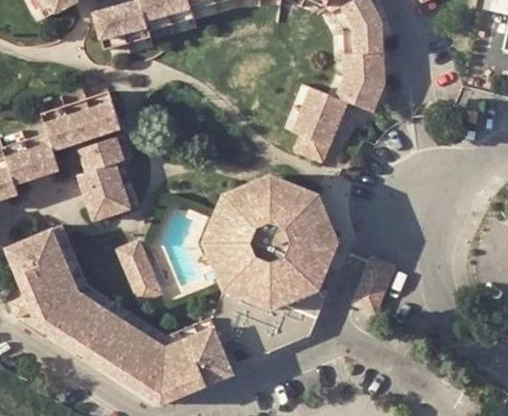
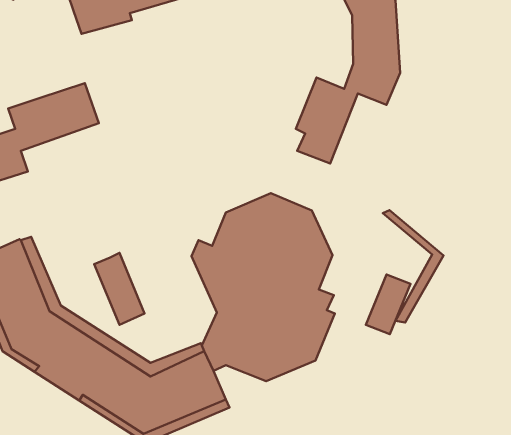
building: [77,137,130,220] -> none
building: [208,172,340,276] -> none
building: none -> [383,210,443,322]

